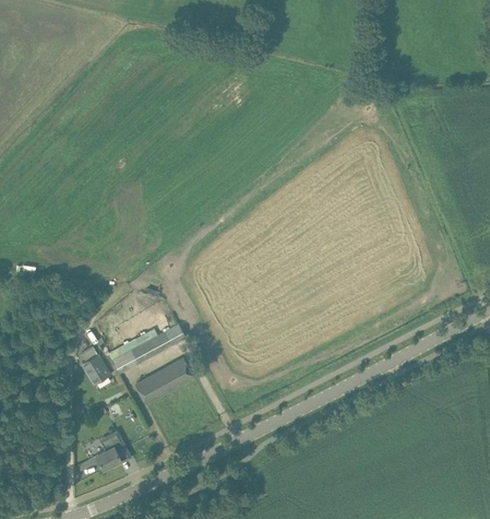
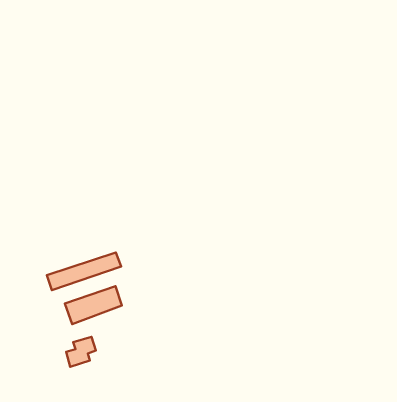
building: [79,346,110,385] -> none
building: [95,435,124,469] -> [66,337,96,367]

